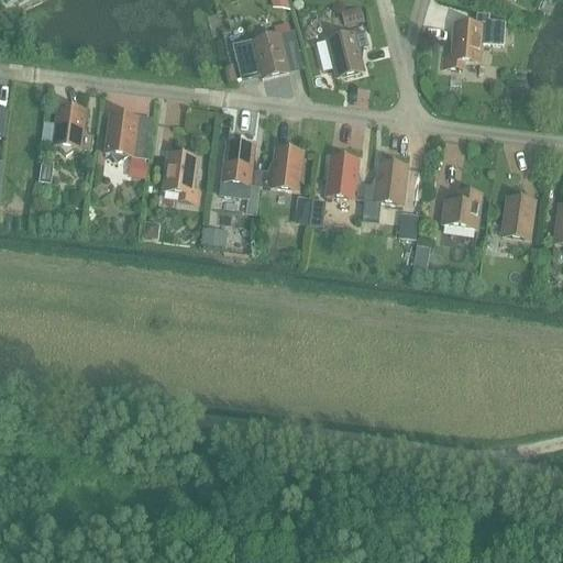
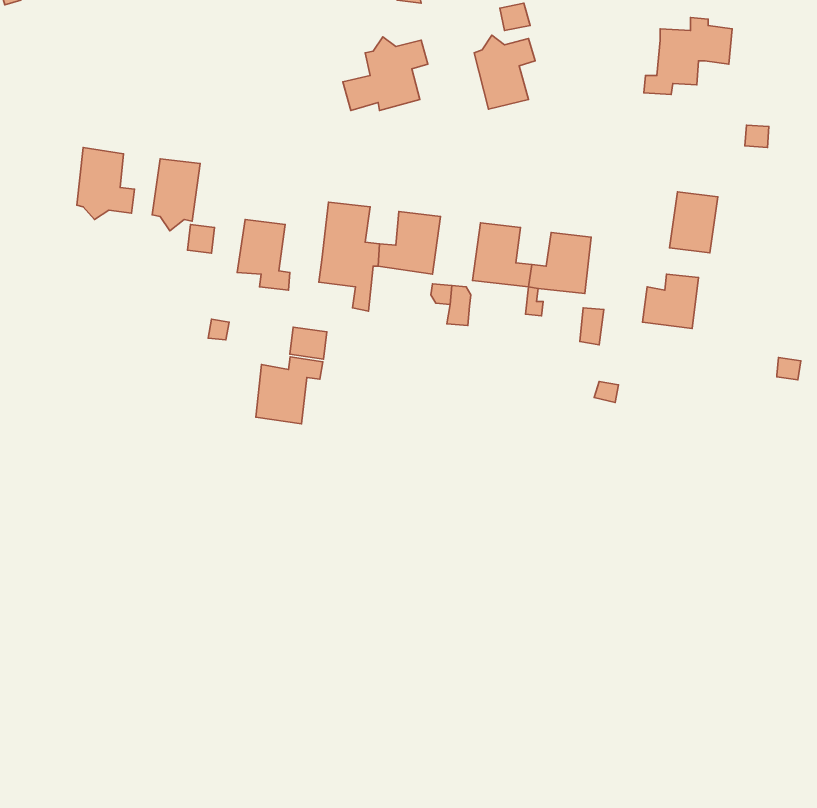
building: [500,195,533,236] -> [670,192,718,253]
building: none -> [256,357,323,424]

